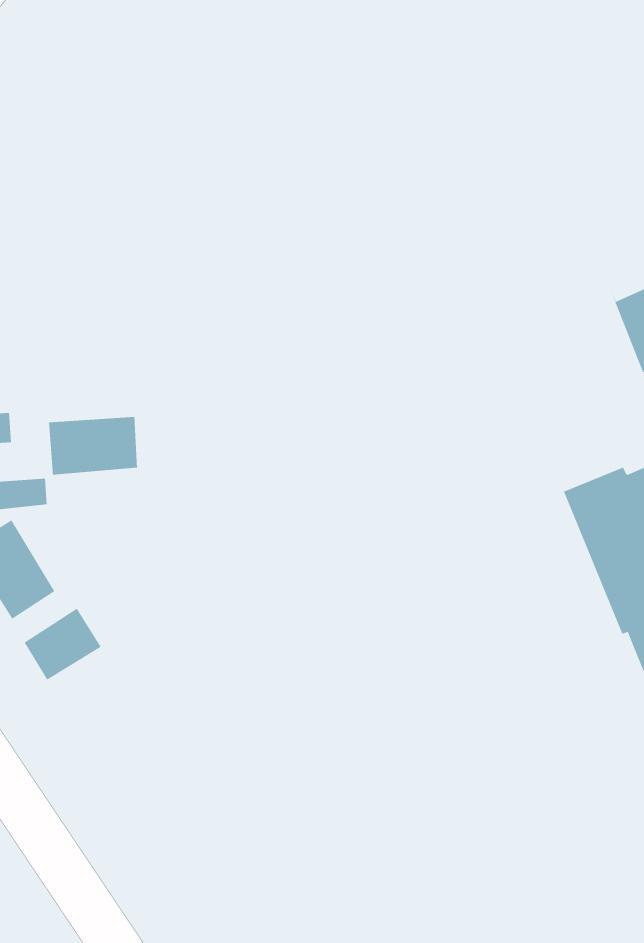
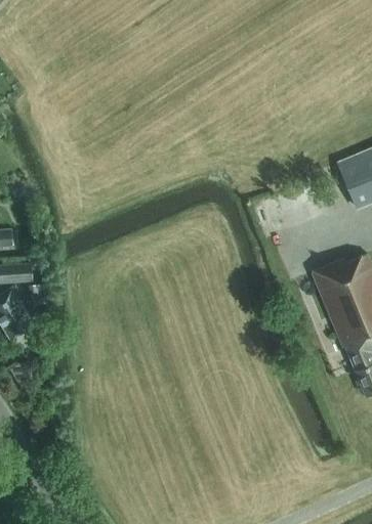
building: [49,416,137,475] -> none
building: [24,608,101,681] -> none

